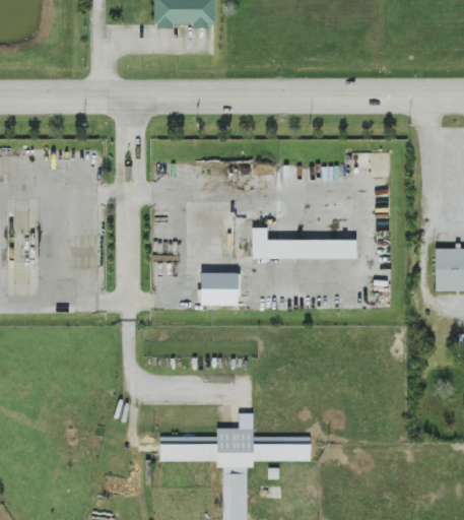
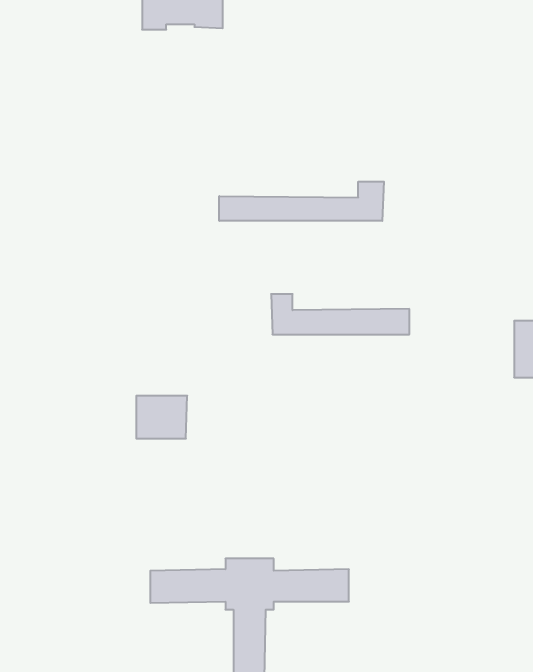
building: none -> [219,182,384,221]
building: [201,272,240,305] -> [136,396,187,439]

